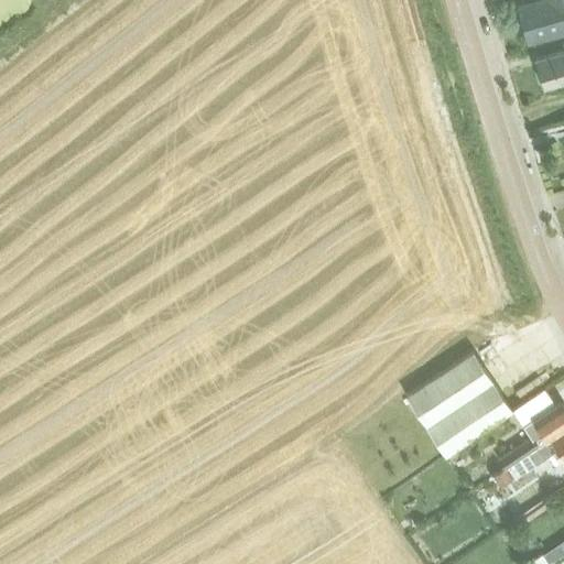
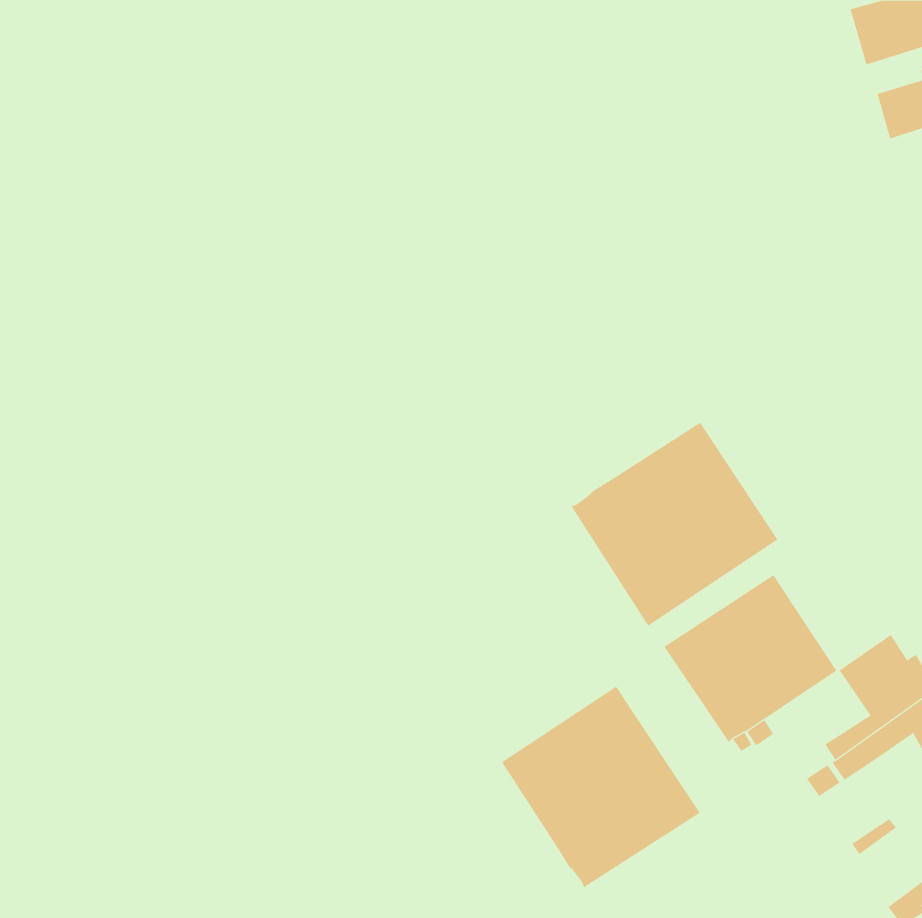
building: none -> [571,422,778,626]
building: none -> [501,686,701,888]

